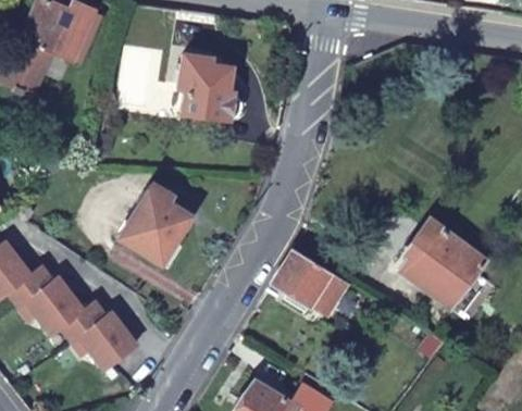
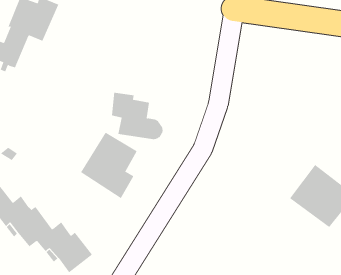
building: [175,53,246,117] -> [111,92,164,140]
building: [273,250,350,317] -> none

